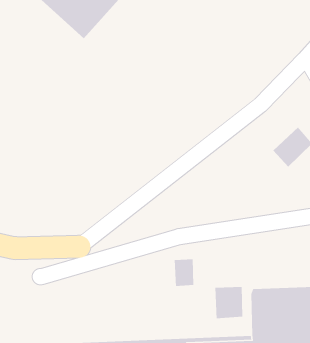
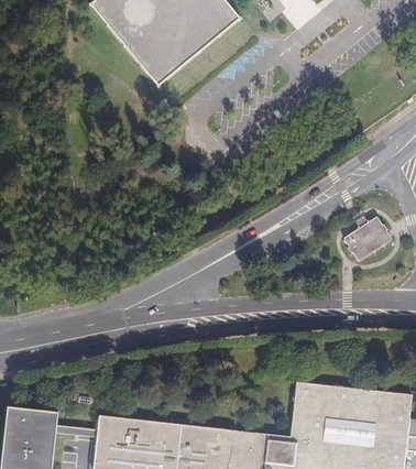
building: [174,259,194,287] -> none
building: [215,286,243,319] -> none

